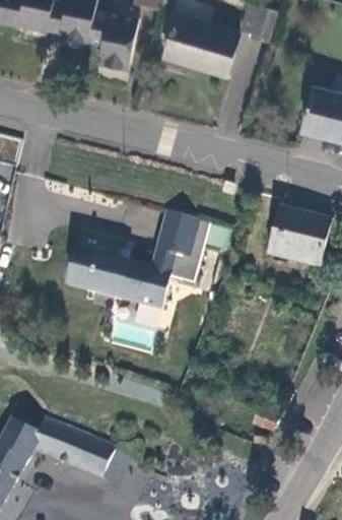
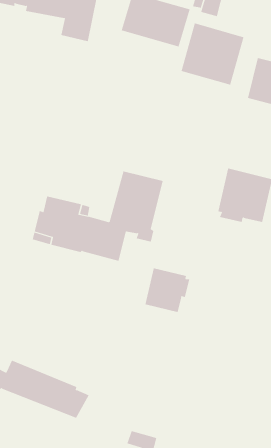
building: none -> [181,23,244,86]
building: none -> [145,267,190,313]

